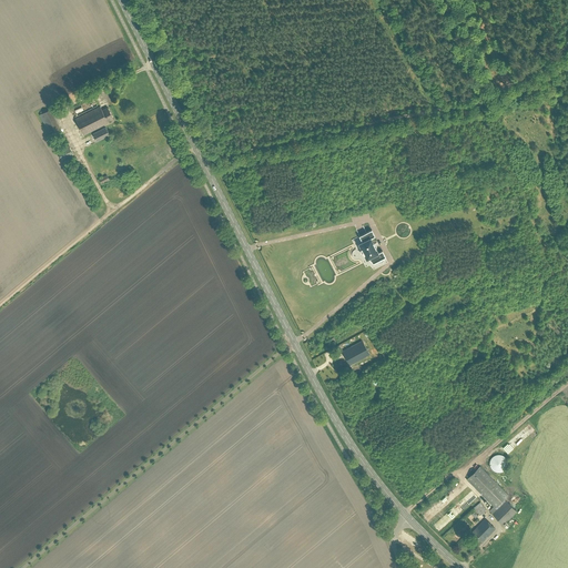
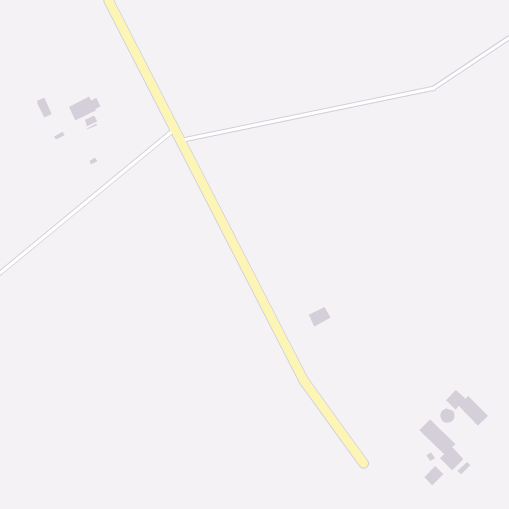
building: [358,230,385,263] -> none
building: none -> [445,389,489,427]

